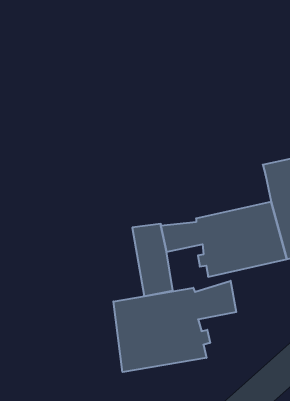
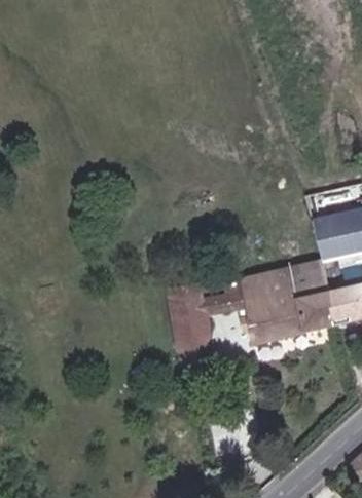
building: [113,281,236,372] -> none

